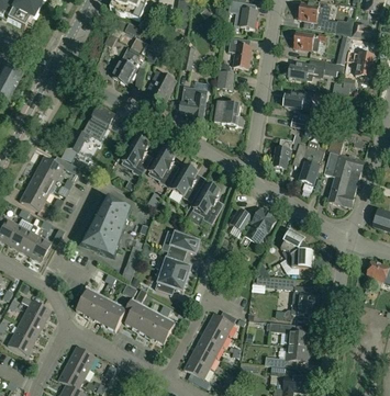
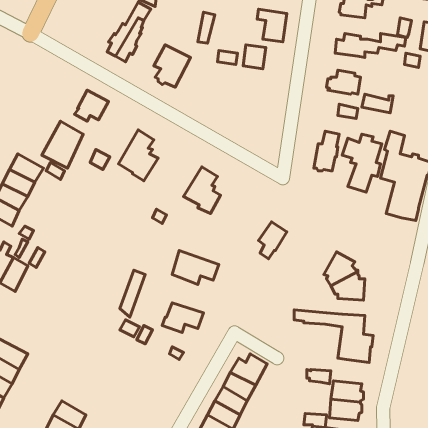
building: [180,86,208,120] -> none
building: [214,101,244,127] -> none
building: [148,147,178,186] -> none
building: [192,183,222,224] -> none
building: [78,190,132,256] -> none
building: [244,207,278,244] -> none
building: [163,250,190,278] -> none
building: [76,288,175,344] -> none

